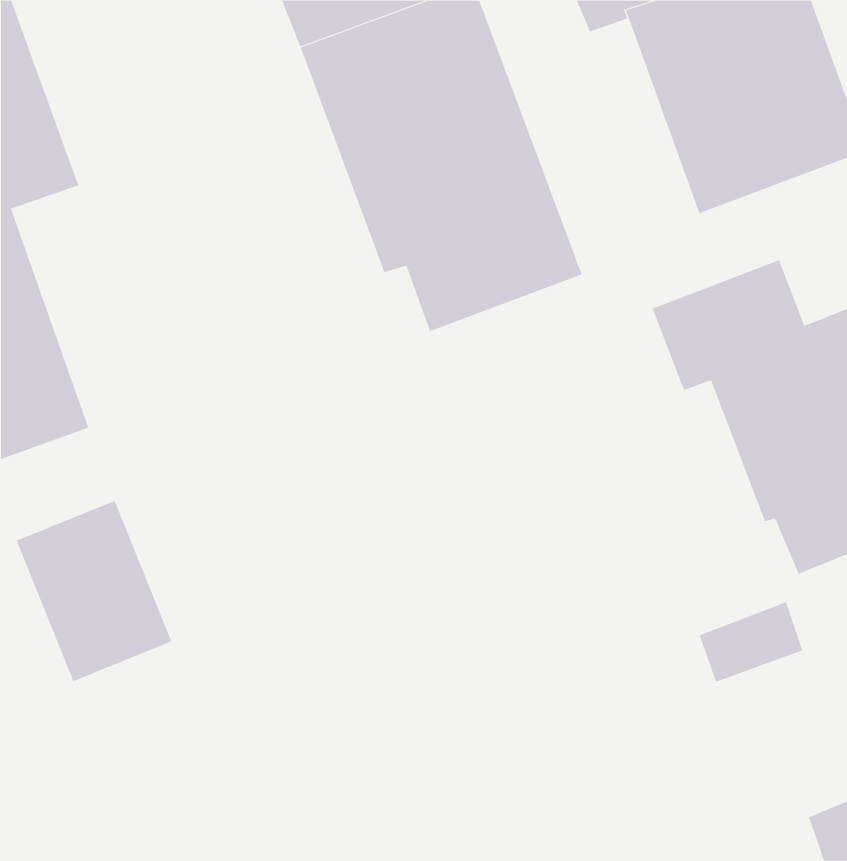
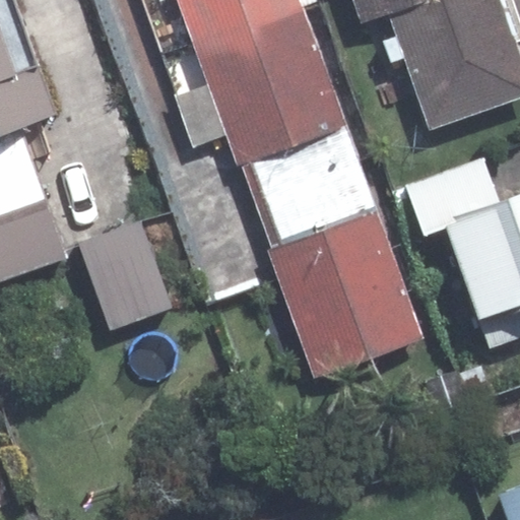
building: none -> [267,166,424,378]
building: [16,500,172,682] -> [78,218,173,328]

